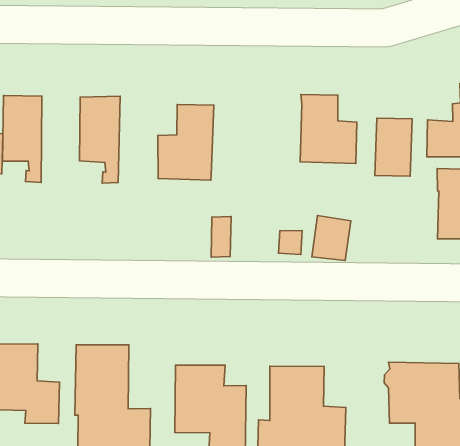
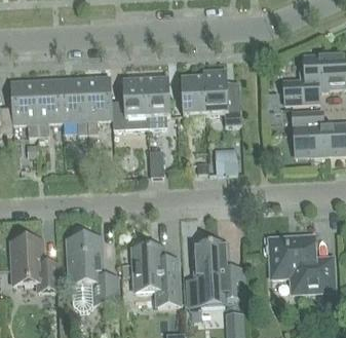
building: none -> [35,79,62,136]
building: none -> [85,76,112,133]
building: none -> [146,78,169,126]
building: [375,118,412,176] -> [180,75,203,113]

